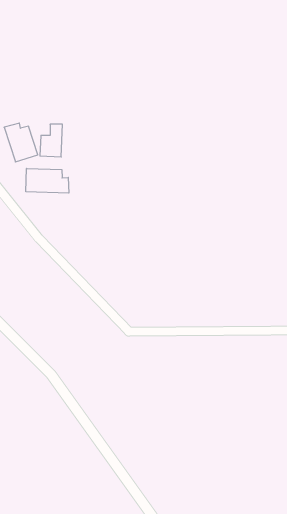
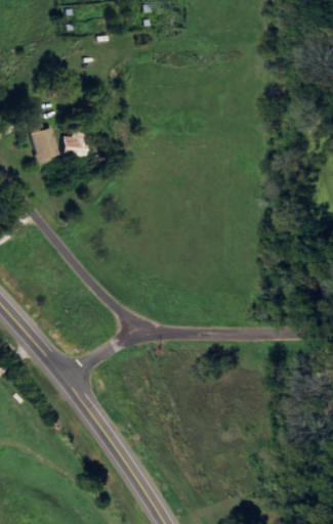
building: [26,168,69,193] -> none

